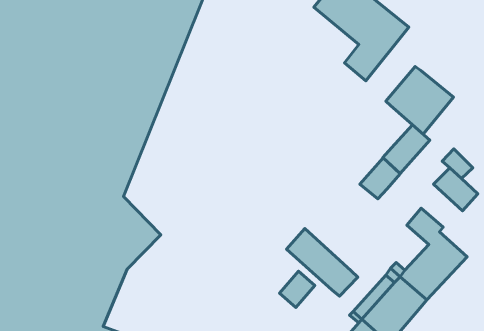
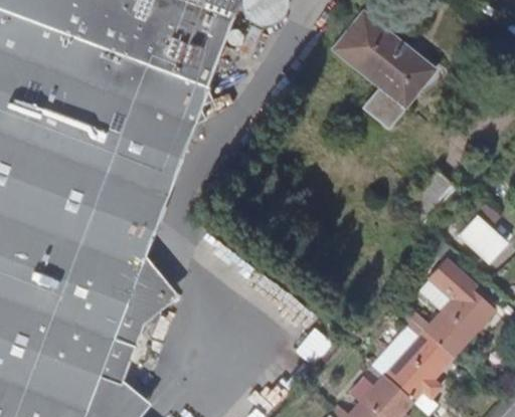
building: [386,67,453,134] -> none
building: [360,158,400,199] -> none
building: [286,228,358,296] -> none

